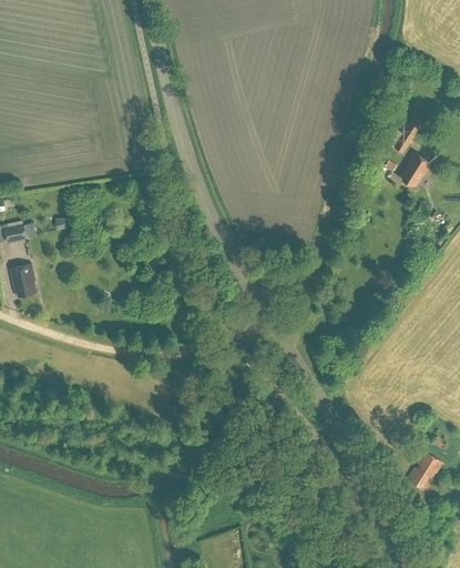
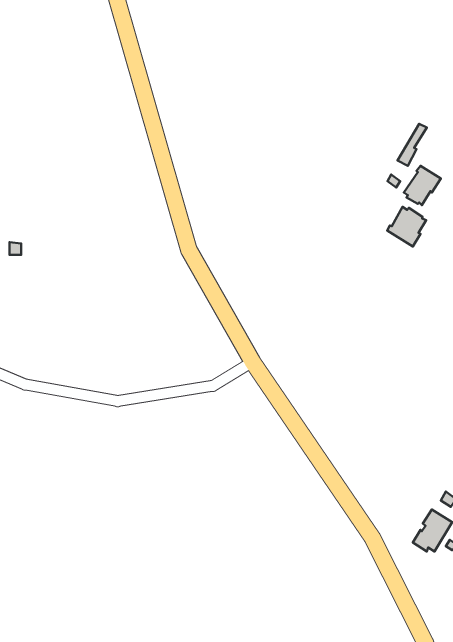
building: none -> [387,207,426,247]

